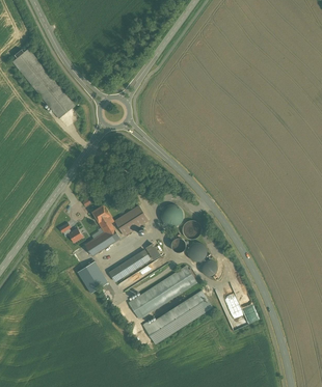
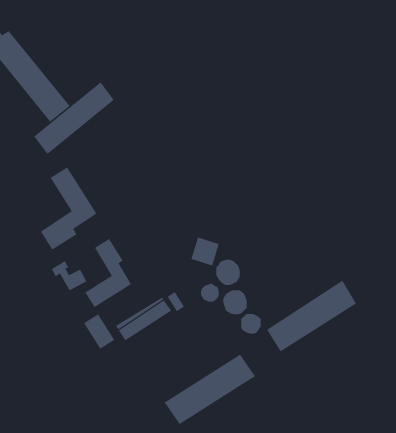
building: none -> [33,81,115,155]
building: none -> [40,167,97,251]
building: [114,205,147,236] -> none
building: [128,266,195,320] -> [266,280,357,352]

